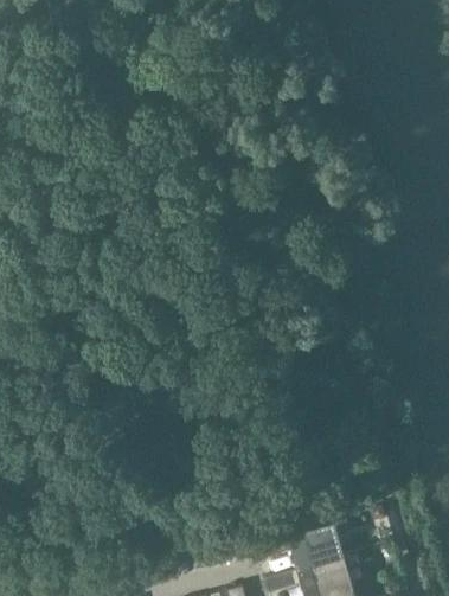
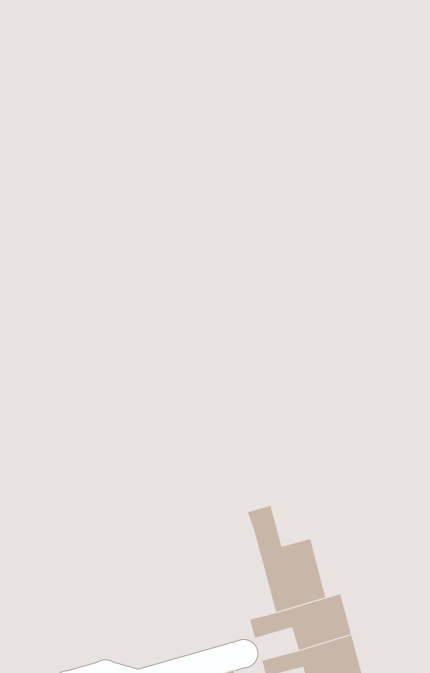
building: none -> [247,505,326,613]

